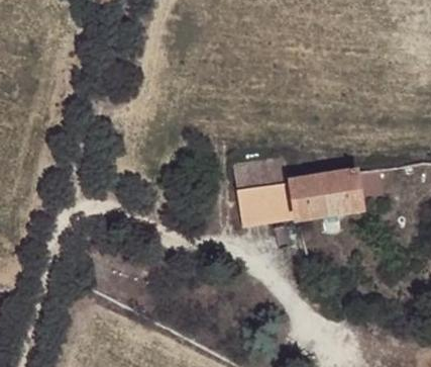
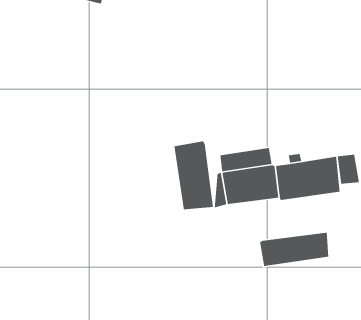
building: none -> [174,141,214,210]
building: none -> [259,232,329,267]

